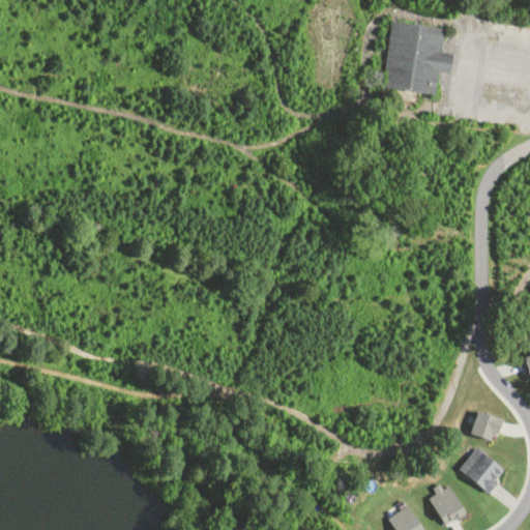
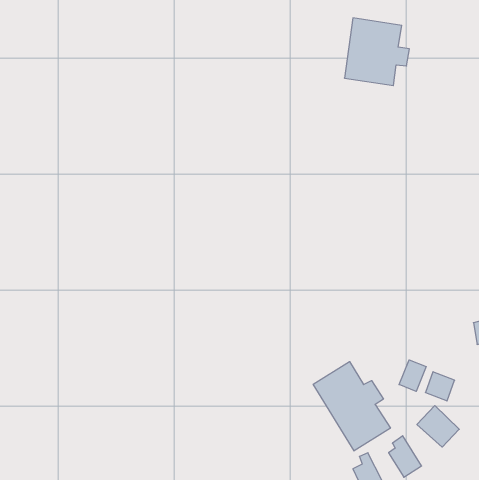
building: none -> [399,360,426,391]
building: none -> [313,362,390,451]

